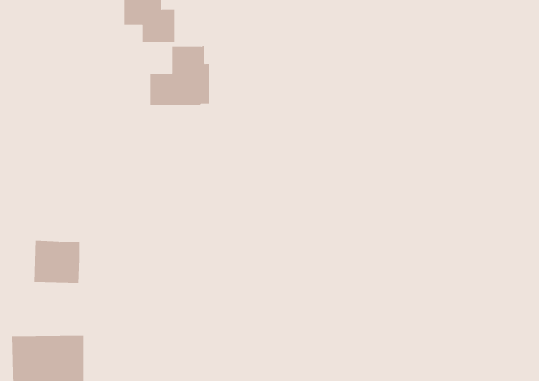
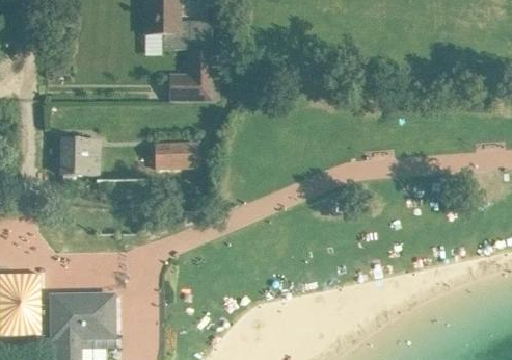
building: none -> [156,138,200,166]
building: [33,240,80,283] -> [60,137,100,174]

